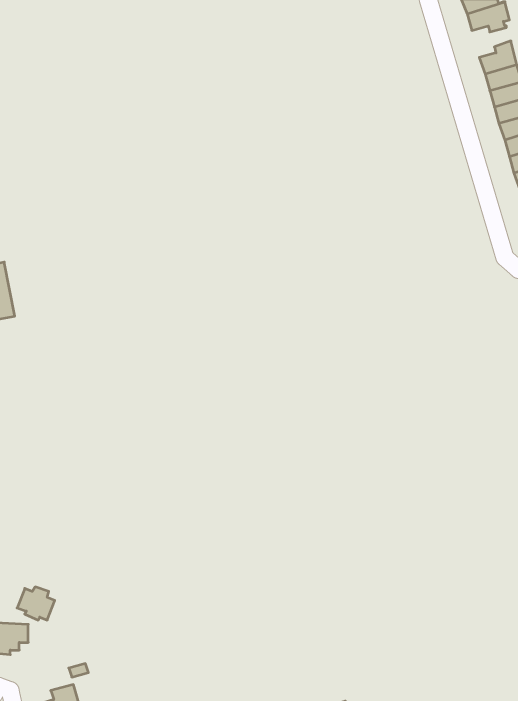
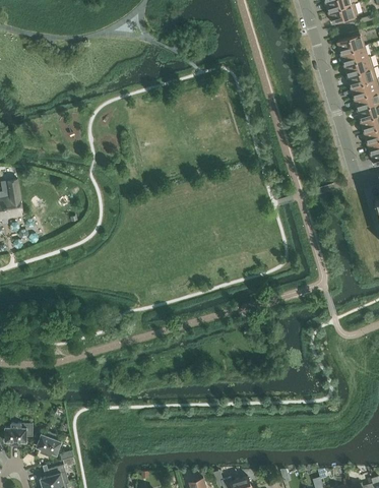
building: [17,587,55,620] -> [36,431,61,453]

